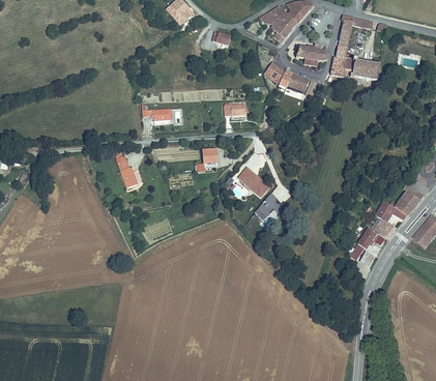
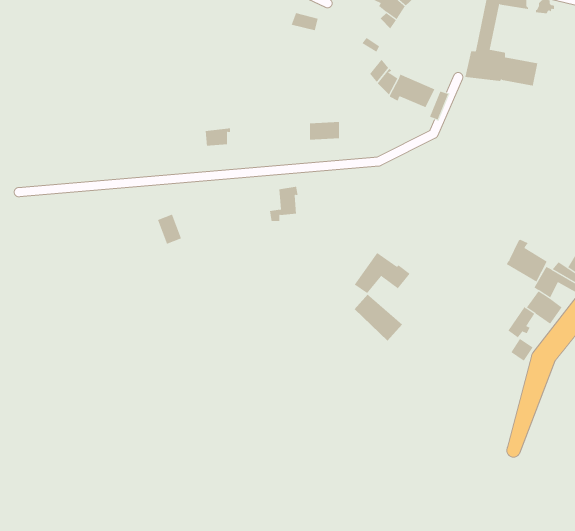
building: [294,43,327,65] -> none
building: [236,165,269,197] -> [354,294,403,341]
building: none -> [506,239,548,282]

